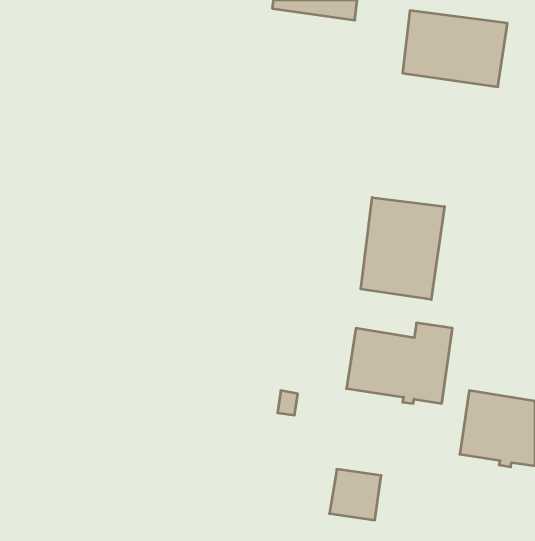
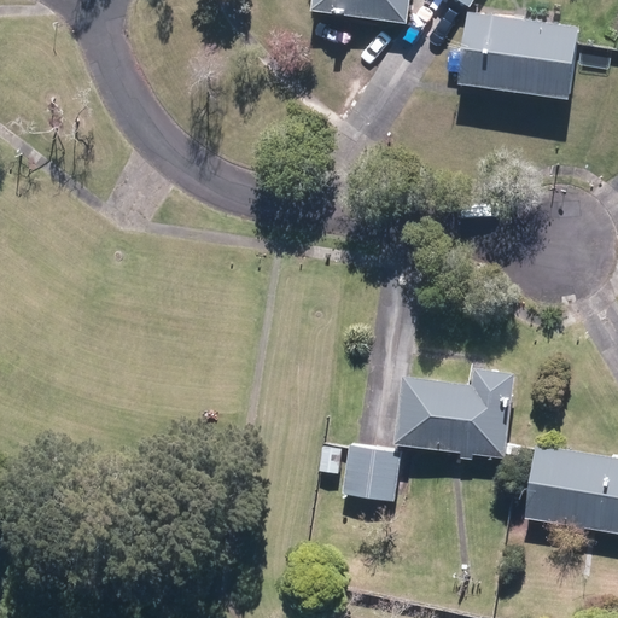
building: [361,197,444,300] -> none
building: [329,469,381,520] -> [339,443,398,501]

